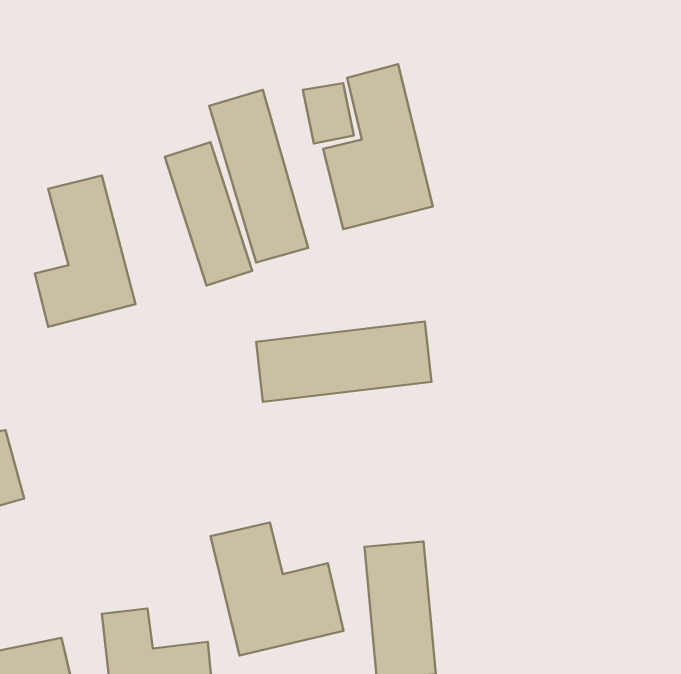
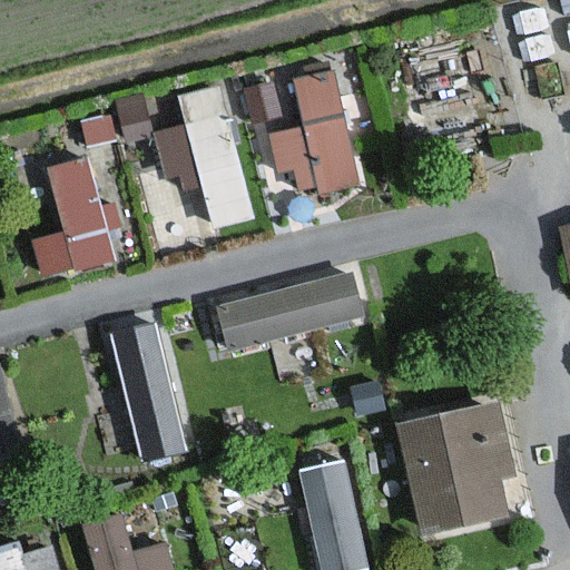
building: none -> [107,317,199,461]
building: none -> [406,413,512,539]
building: [211,523,344,655] -> none

